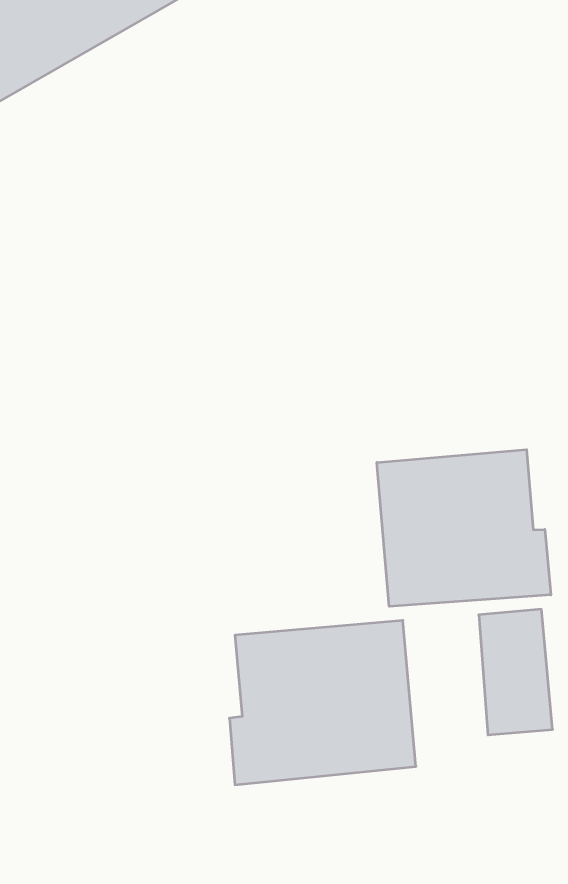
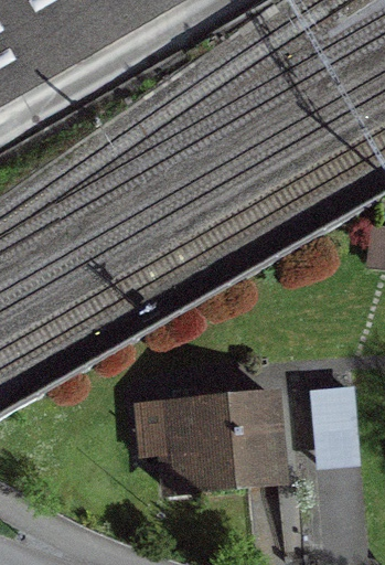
building: [377,450,551,606] -> none

